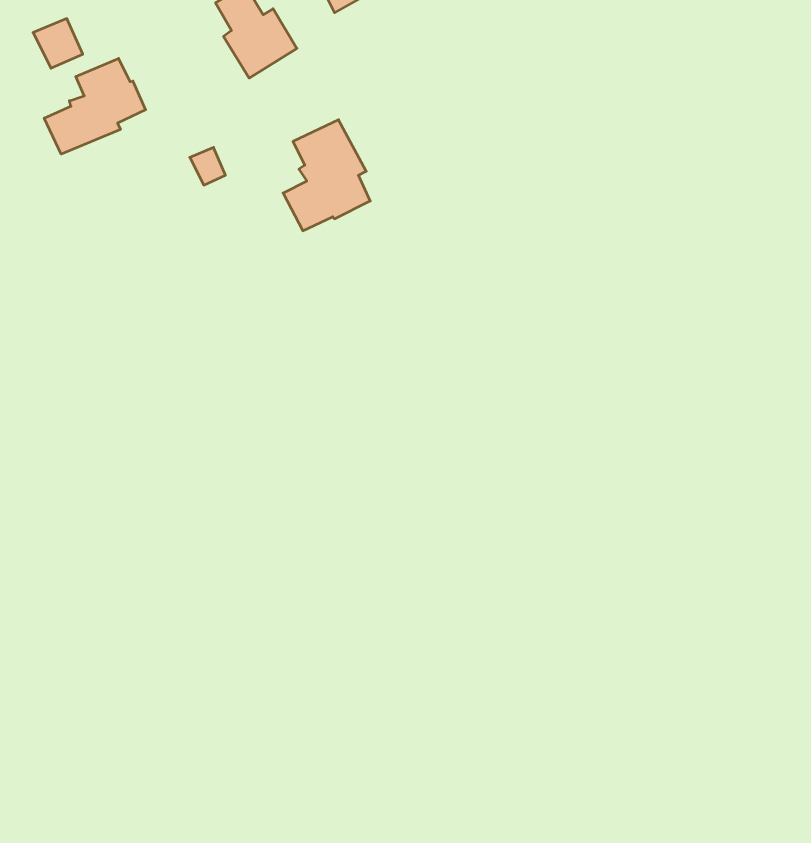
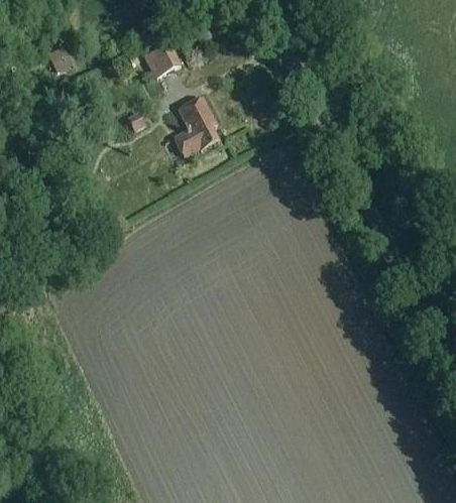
building: [44,58,146,154] -> none

